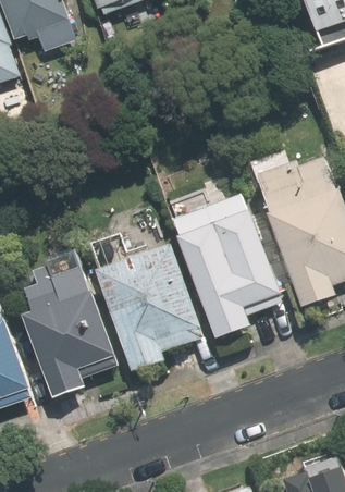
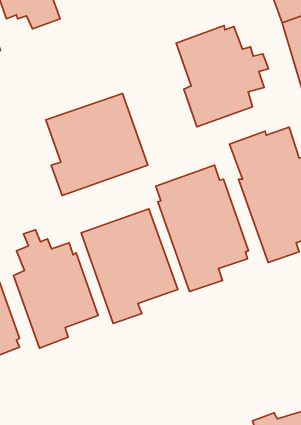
building: none -> [176,25,269,127]
building: none -> [46,93,148,196]

